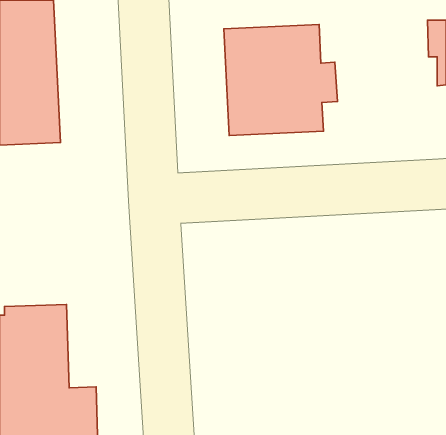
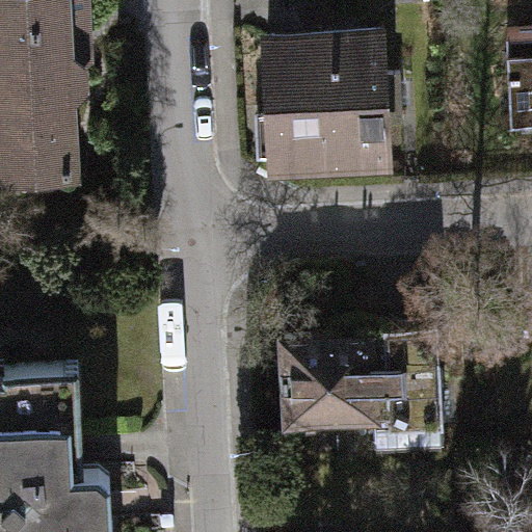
building: none -> [277,327,435,455]

